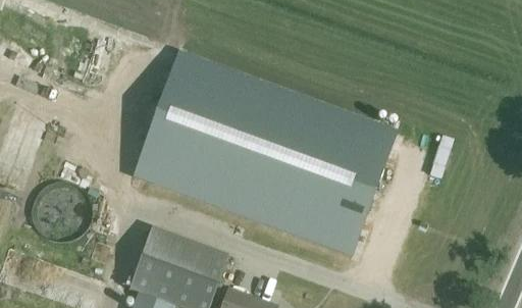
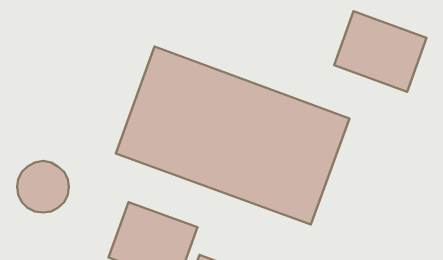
building: none -> [334,11,426,92]

